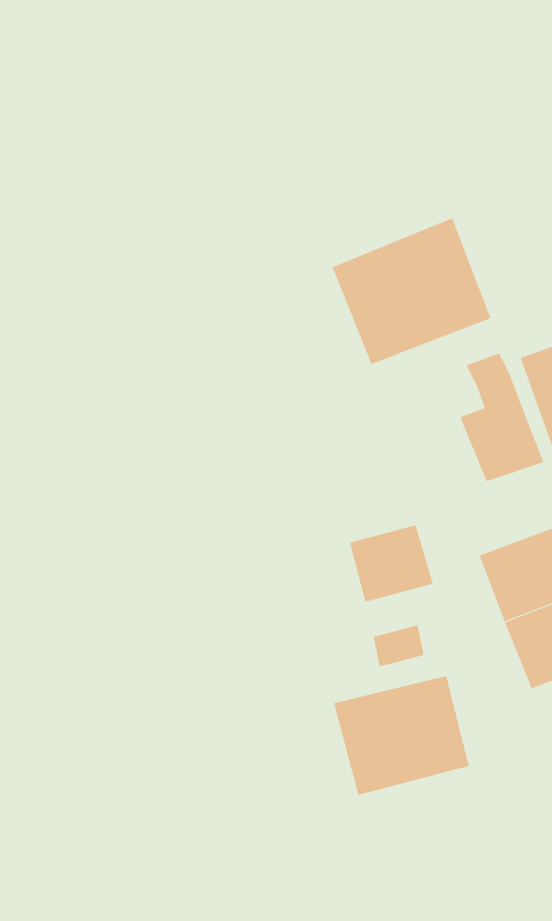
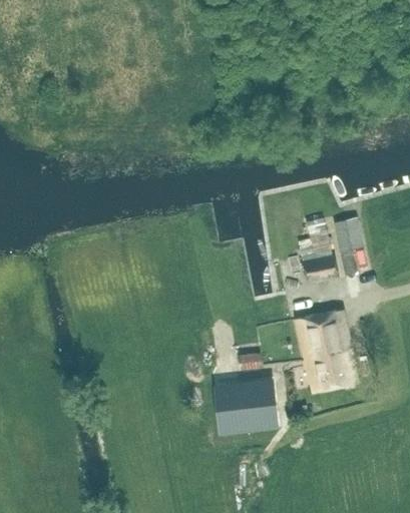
building: [332,218,491,365] -> none
building: [349,525,433,602] -> none

